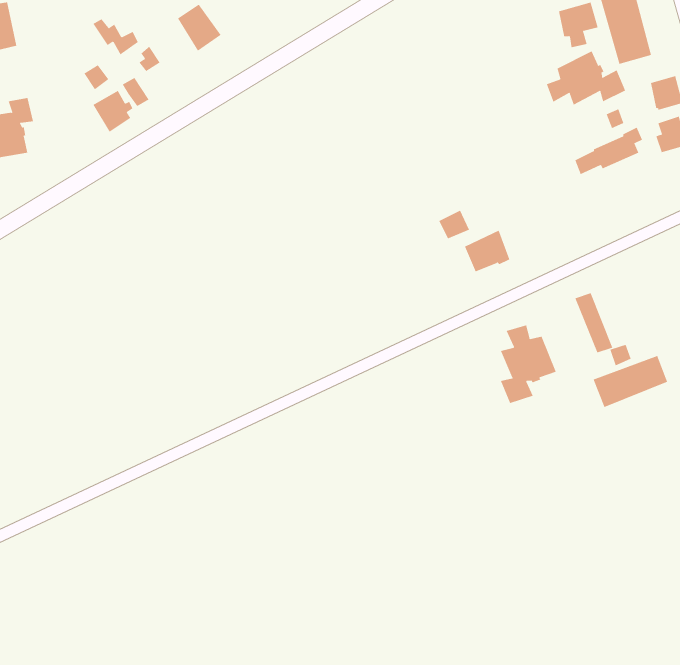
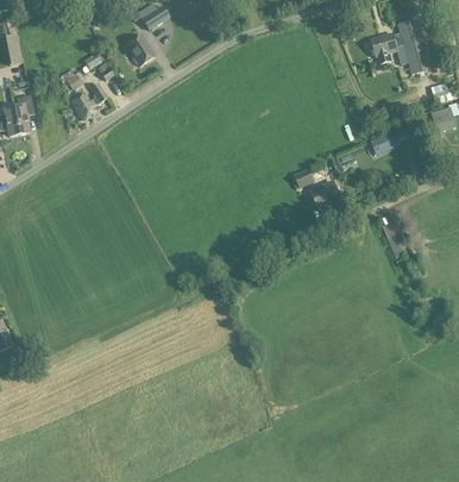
building: [546,51,626,106] -> none
building: [500,325,556,404] -> none
building: [593,355,668,408] -> none

